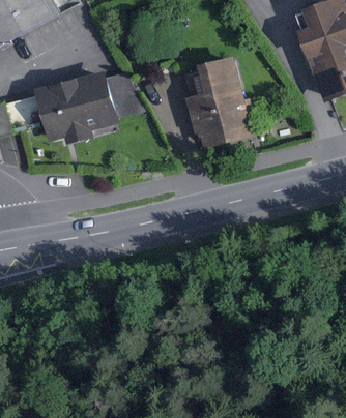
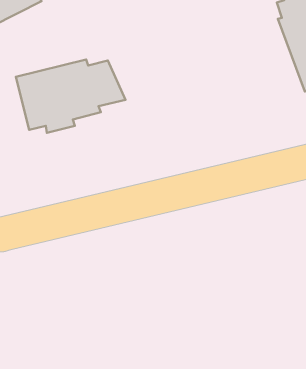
building: [184,56,254,149] -> none

